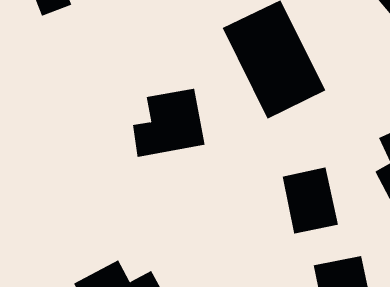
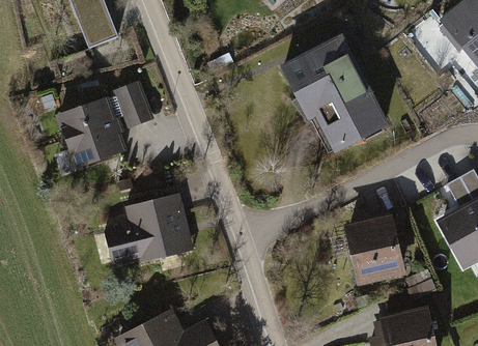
building: none -> [114,77,154,126]
building: none -> [62,96,119,162]
building: [132,88,206,158] -> [112,195,191,269]

